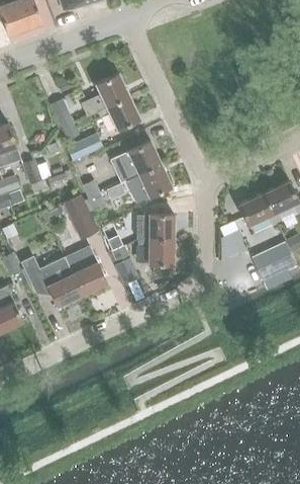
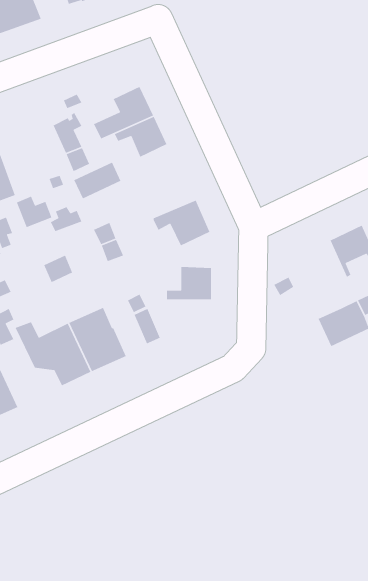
building: [110,140,161,181] -> none
building: [238,193,277,225] -> none
building: [62,194,97,239] -> none
building: [137,240,173,275] -> none

